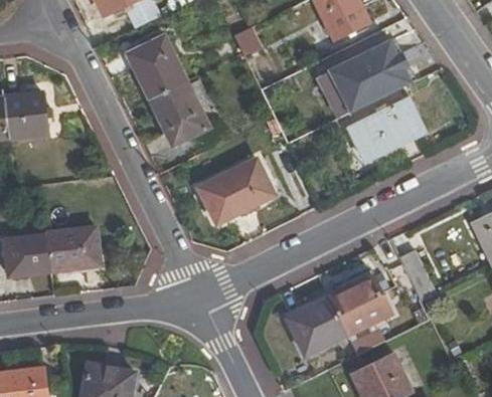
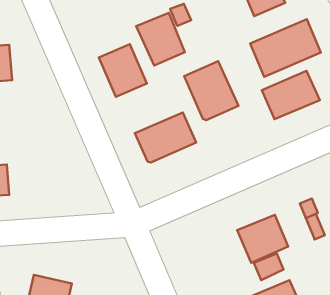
building: [126,35,186,100] -> [136,13,185,66]
building: none -> [184,61,238,120]
building: [46,226,100,270] -> none
building: [286,297,347,356] -> none

